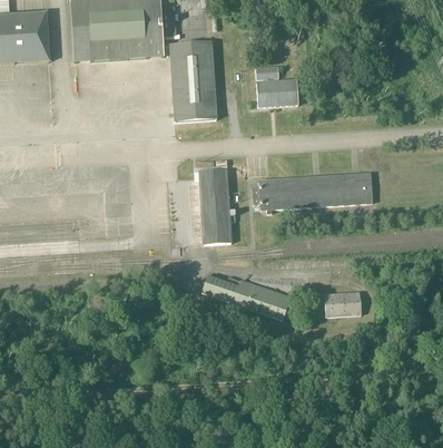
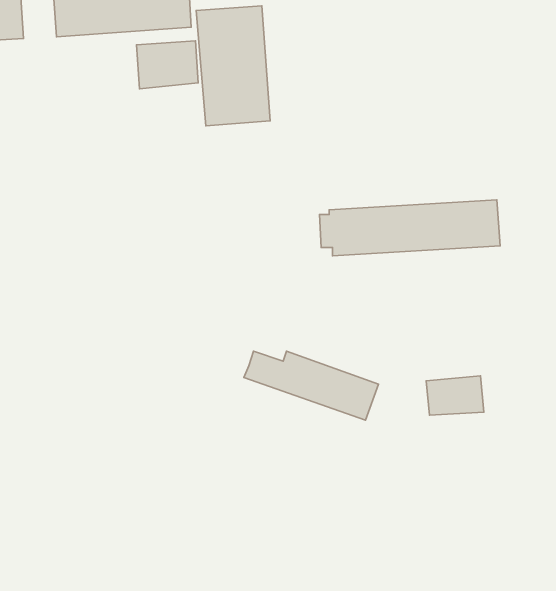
building: none -> [137,41,198,89]
building: [255,66,298,107] -> none
building: [194,159,233,244] -> none

